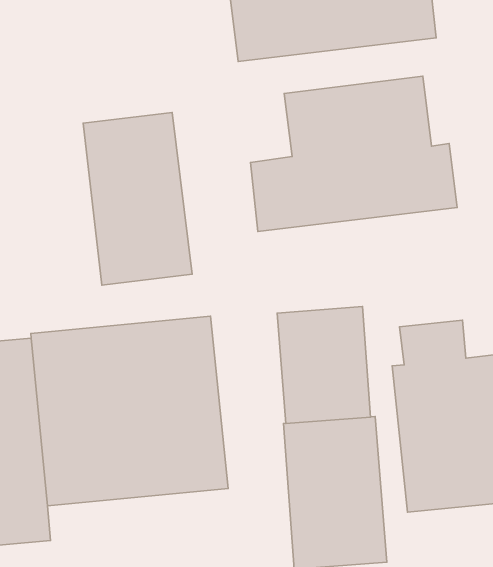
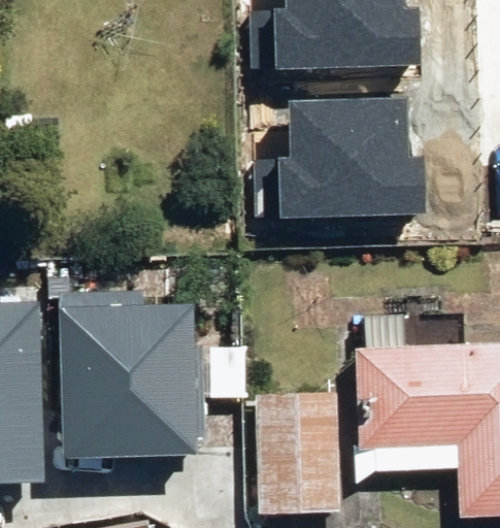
building: [83,113,192,285] -> none
building: [277,307,370,423] -> none

